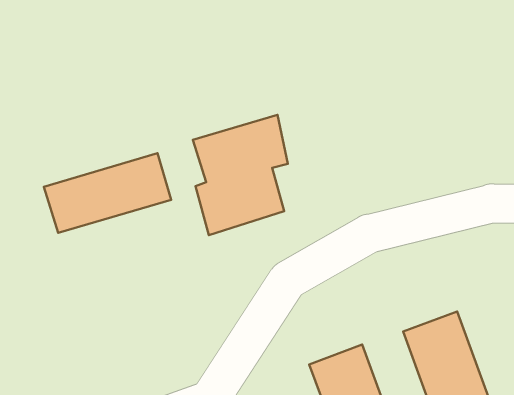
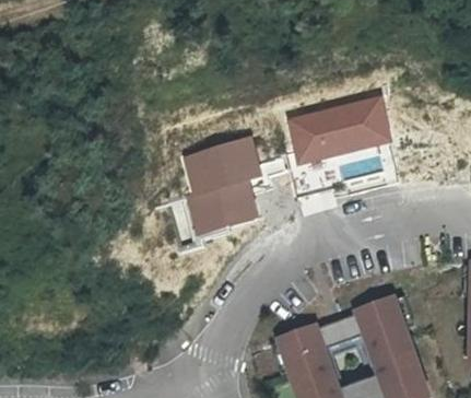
building: none -> [284,94,391,166]
building: [44,153,171,233] -> none

